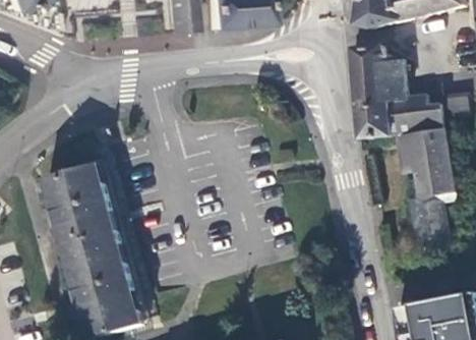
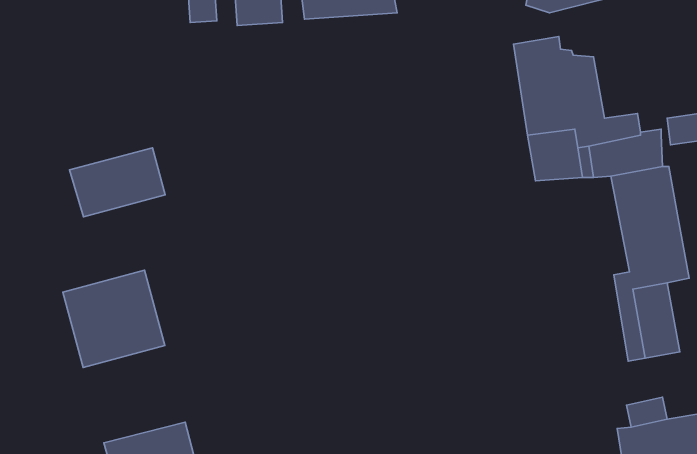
building: [49,164,111,209] -> [69,148,165,217]
building: [71,243,137,306] -> none

